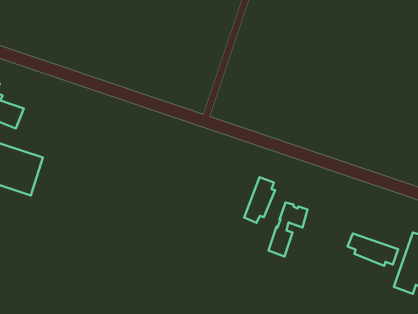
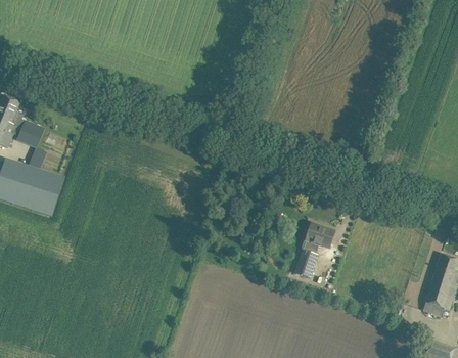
building: [244,177,275,223] -> none
building: [348,233,398,266] -> none

